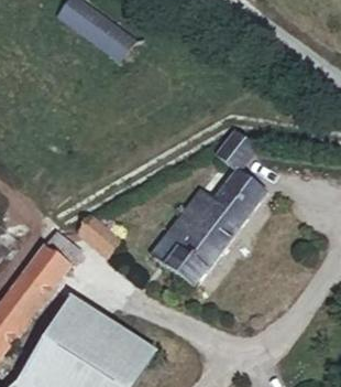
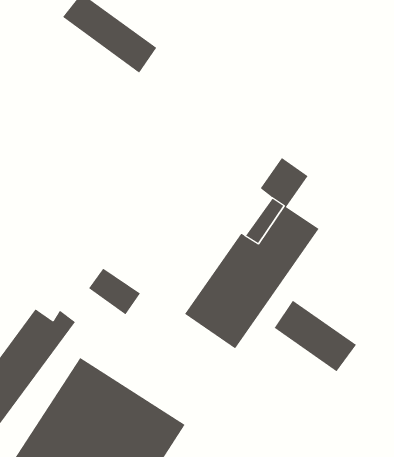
building: none -> [274,300,357,372]

